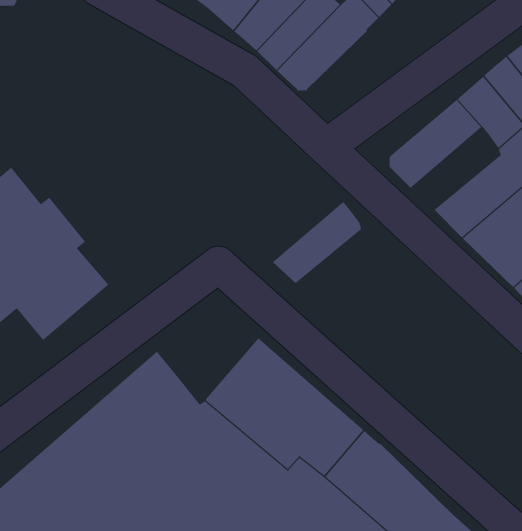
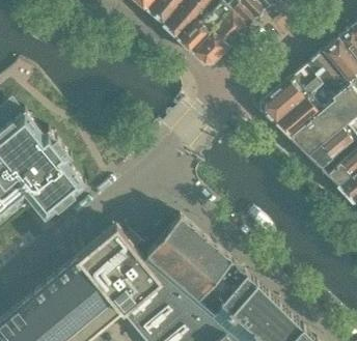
building: [272,201,362,284] -> [274,84,330,136]

